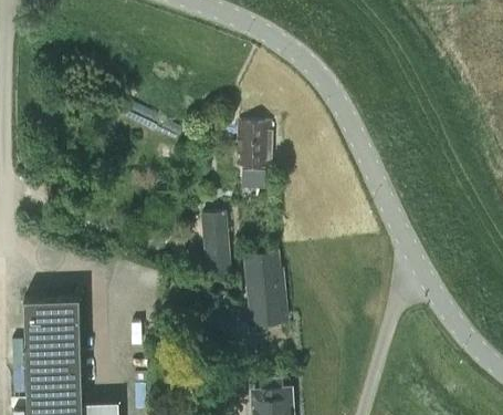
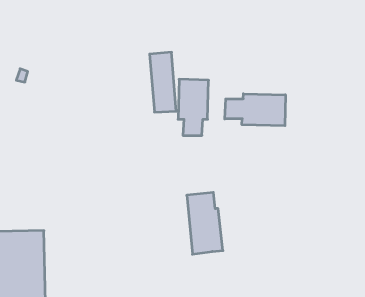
building: none -> [225,94,285,126]
building: [201,211,232,281] -> [150,52,176,112]

